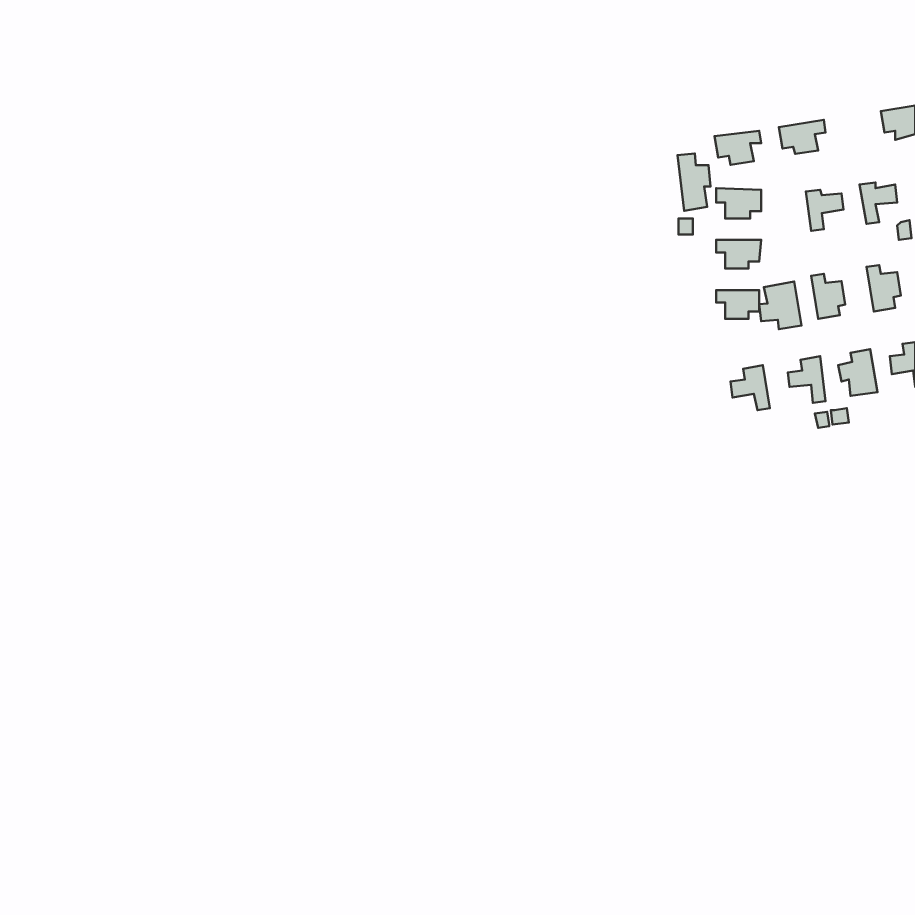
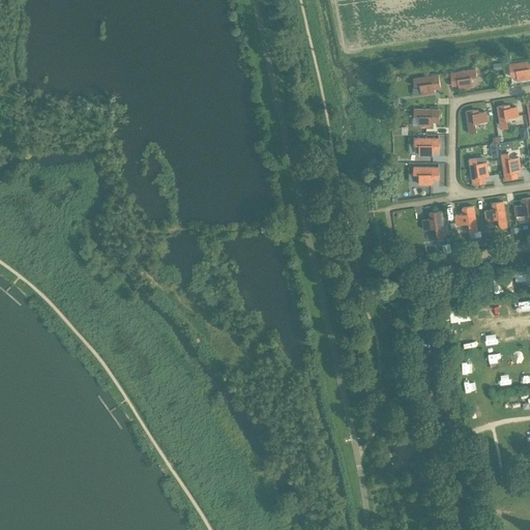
building: [678,153,710,211] -> none
building: [759,281,801,329] -> none

